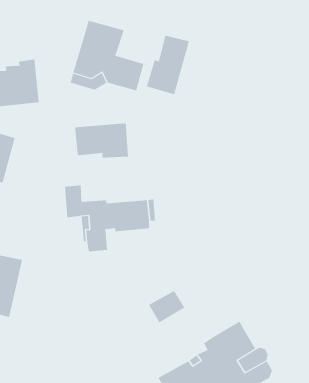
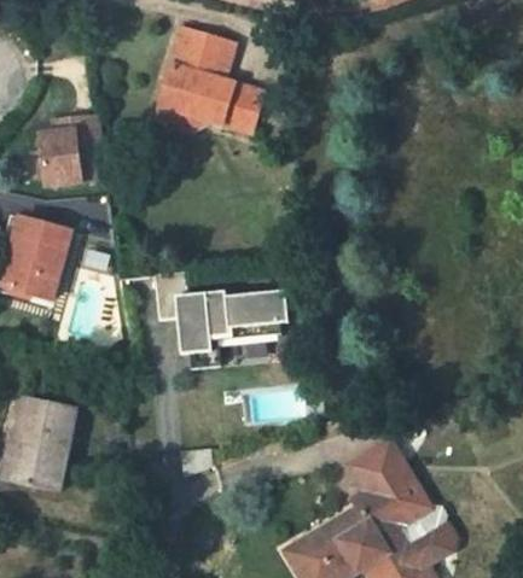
building: [146,35,189,95] -> none
building: [75,122,128,158] -> none
building: [148,290,185,323] -> [345,456,400,504]

